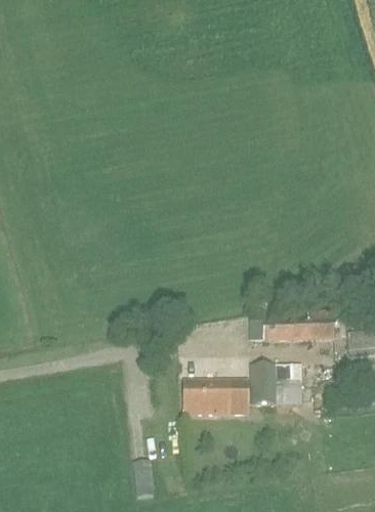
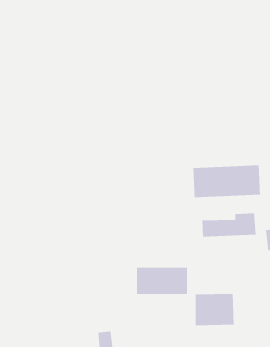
building: none -> [193,165,260,198]
building: [251,364,301,404] -> [195,293,234,326]

